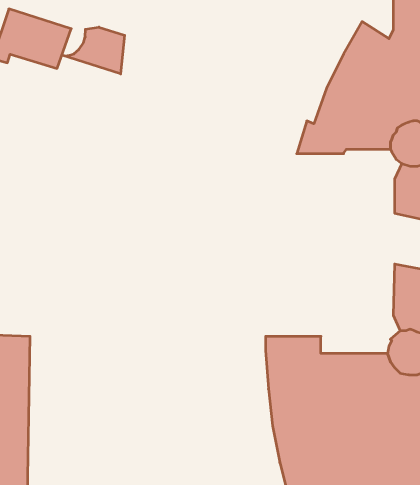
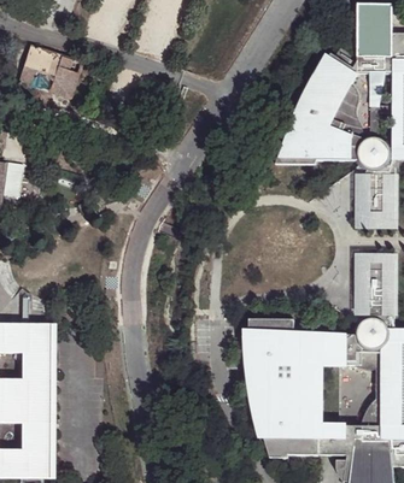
building: [62,27,125,74] -> none

